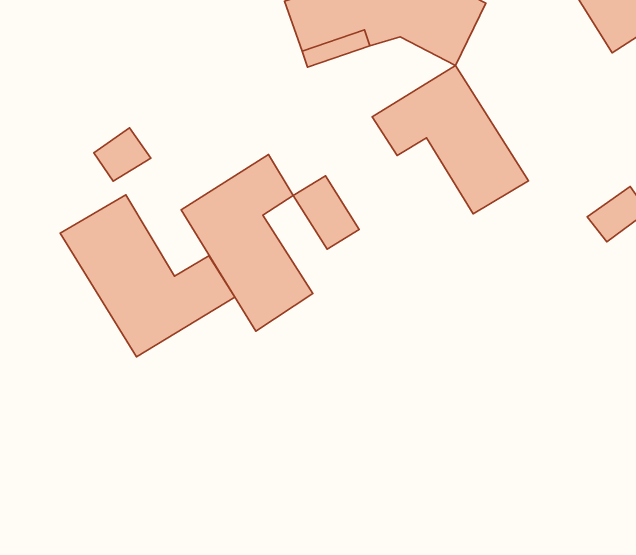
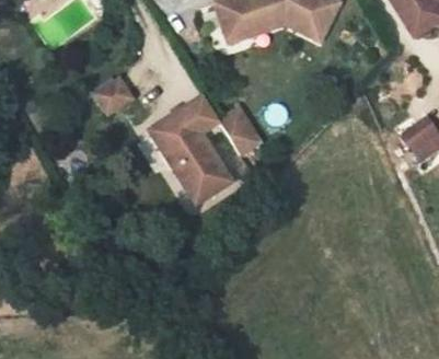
building: [372,65,529,214] -> none
building: [60,195,235,357] -> none

